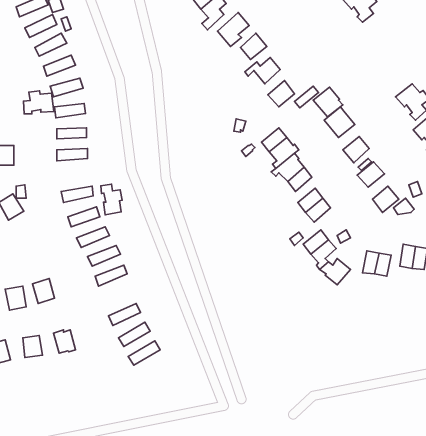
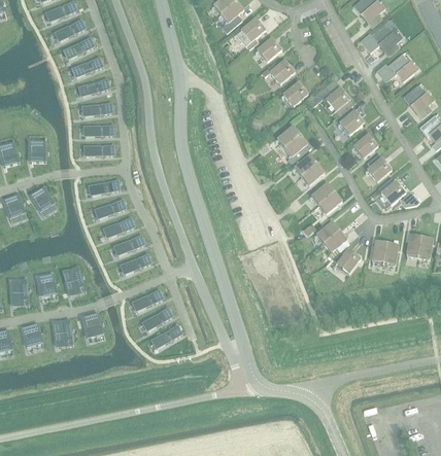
building: none -> [360,20,402,57]
building: none -> [375,54,417,81]
building: [23,91,54,114] -> none
building: [101,184,122,215] -> none

